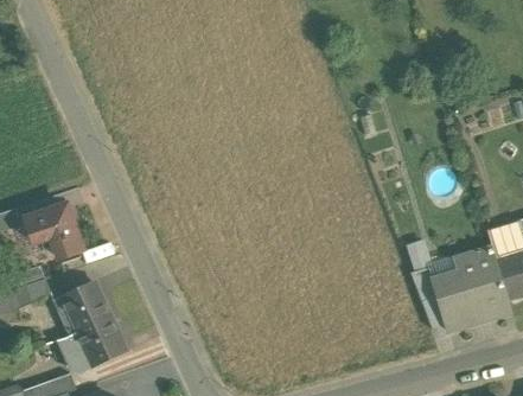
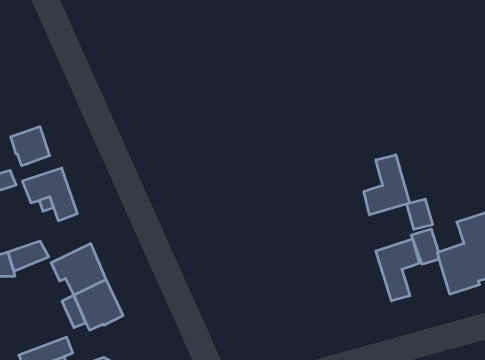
building: none -> [11,127,50,166]
building: none -> [364,155,410,215]
building: none -> [376,239,419,301]

